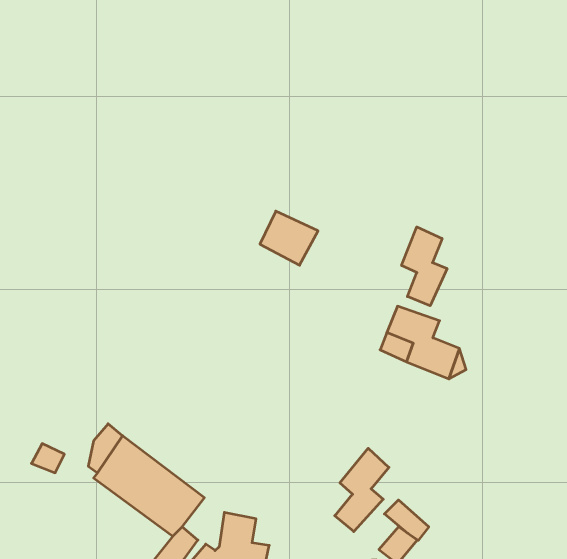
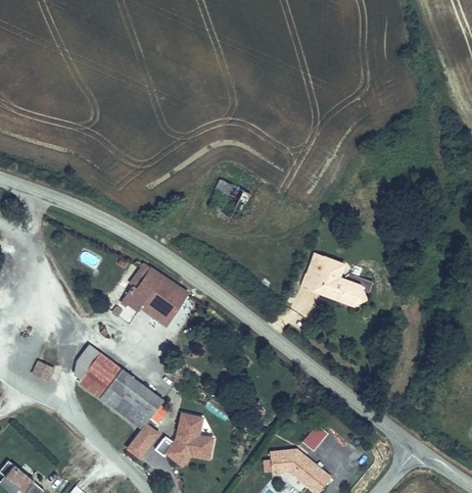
building: [402,227,447,306] -> none
building: none -> [112,261,190,328]
building: [335,448,389,532] -> none
building: [384,500,429,540] -> none

